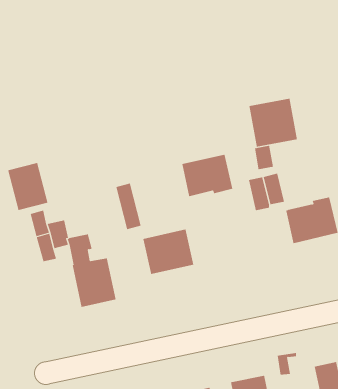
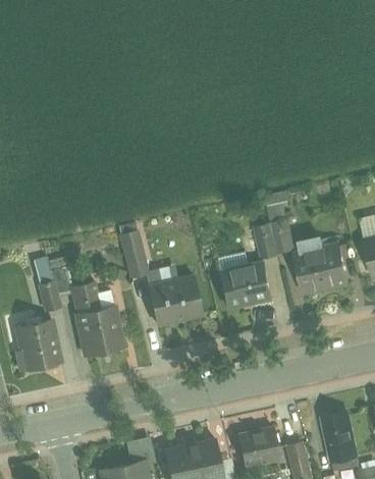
building: [249,98,298,148] -> none
building: [181,154,233,197] -> [220,263,273,307]
building: [7,162,48,211] -> none
building: none -> [15,320,59,371]

